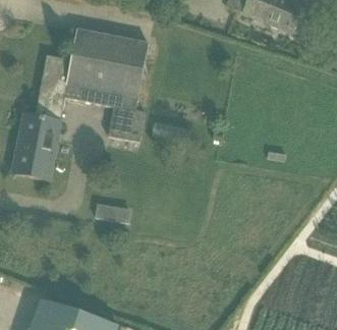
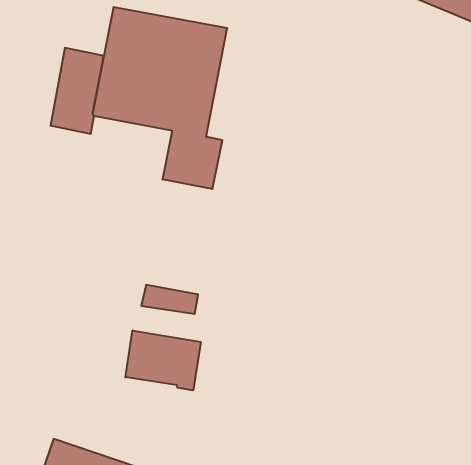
building: [13,103,63,179] -> none
building: none -> [125,330,201,390]

